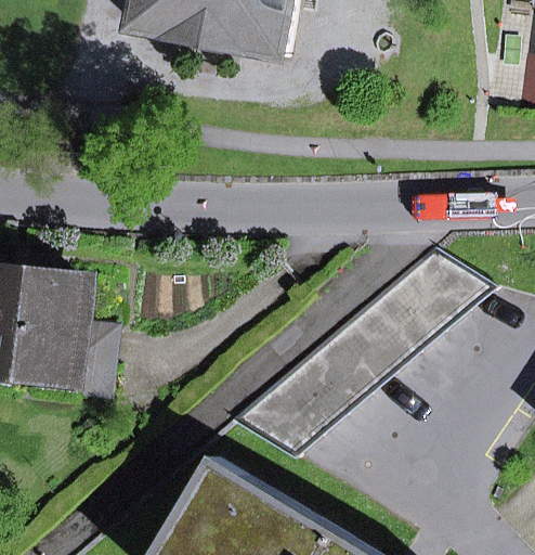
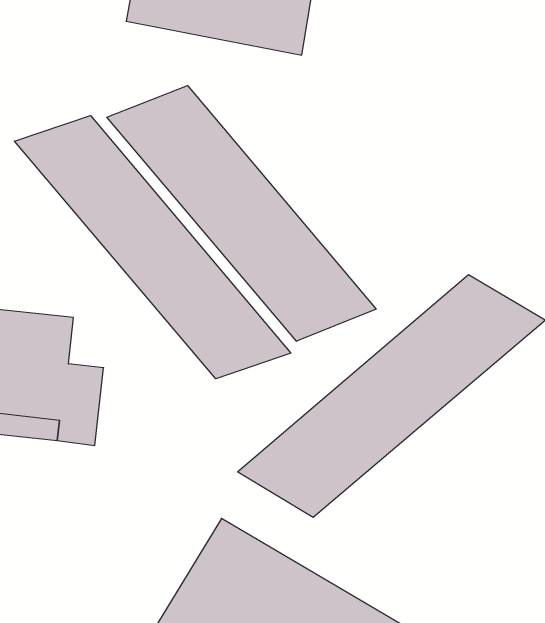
building: none -> [107,86,376,341]
building: none -> [14,116,291,379]

